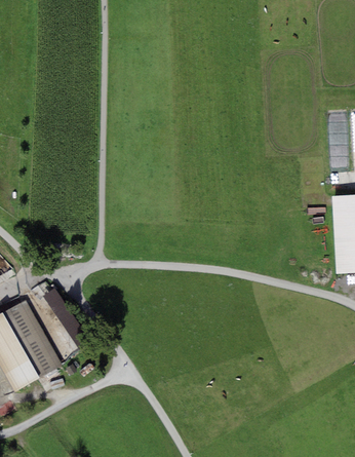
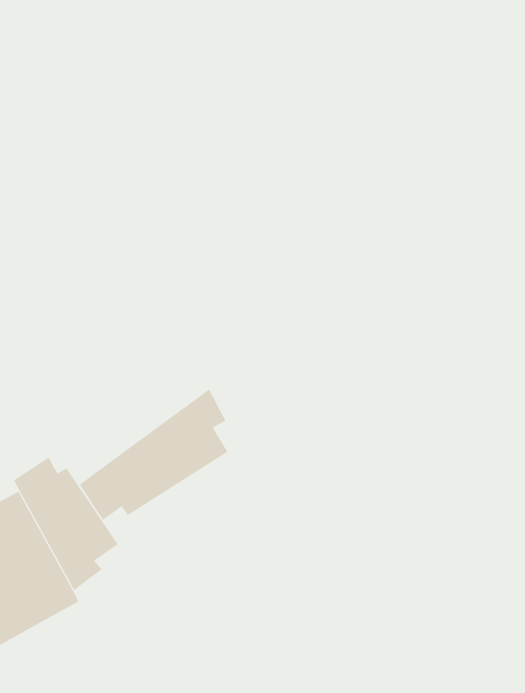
building: none -> [79,389,228,521]

